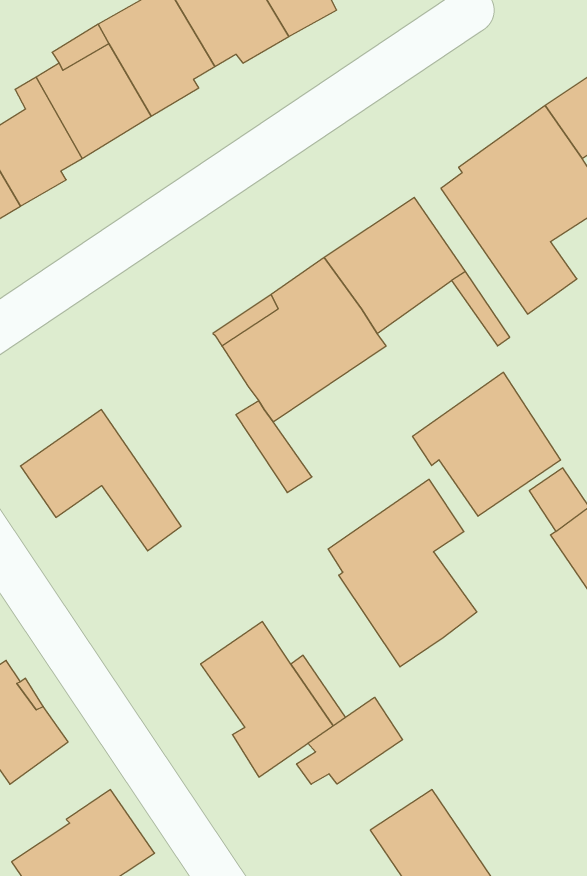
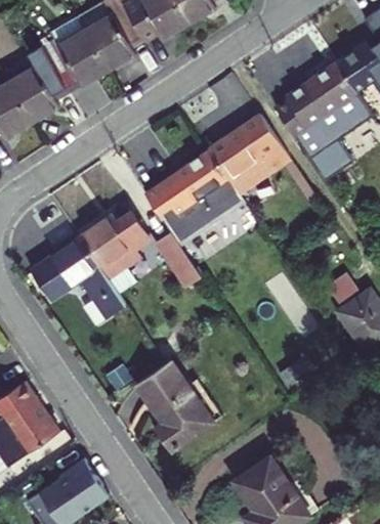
building: none -> [79,212,149,279]
building: [413,372,561,516] -> none
building: [328,479,477,667] -> none
building: [297,697,403,784] -> none

